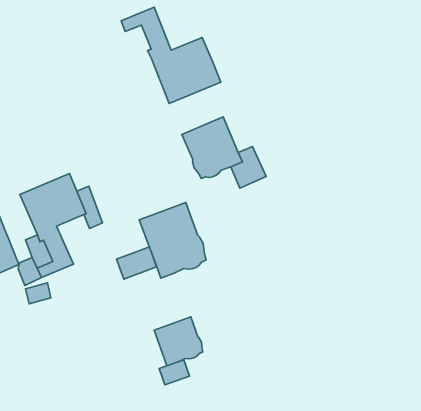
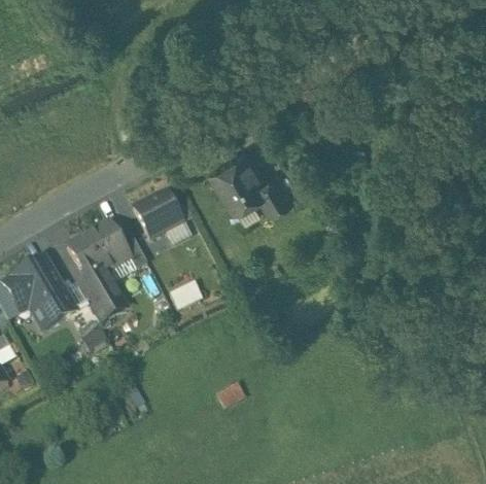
building: [121,7,221,104] -> none
building: none -> [133,192,182,240]
building: [139,202,206,278] -> none
building: [154,317,203,366] -> none

